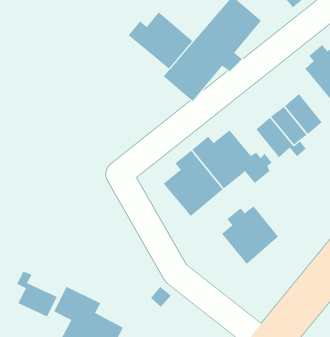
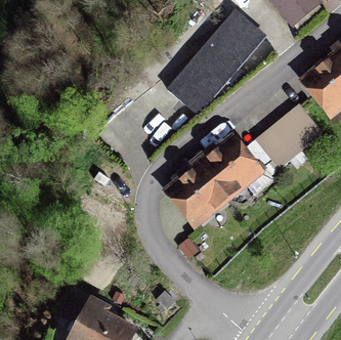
building: [128,11,193,69] -> none
building: [221,206,279,265] -> none
building: [16,271,57,317] -> none

